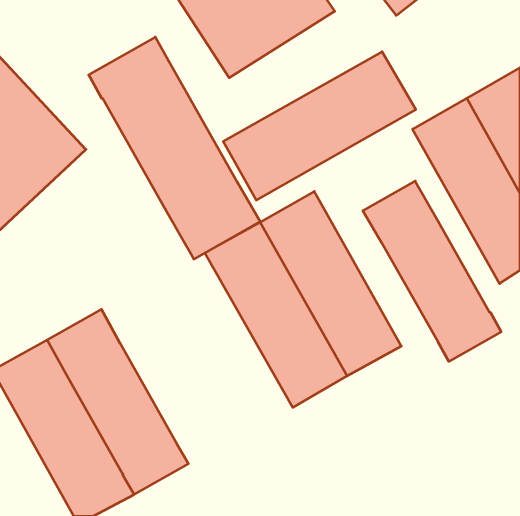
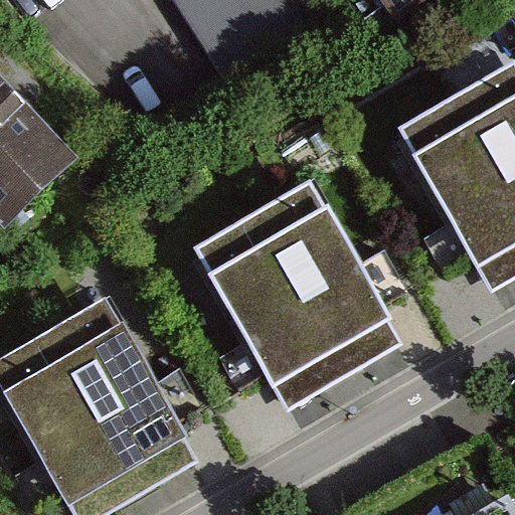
building: [89,37,260,259] -> none
building: [223,52,416,200] -> none
building: [363,181,501,361] -> none

